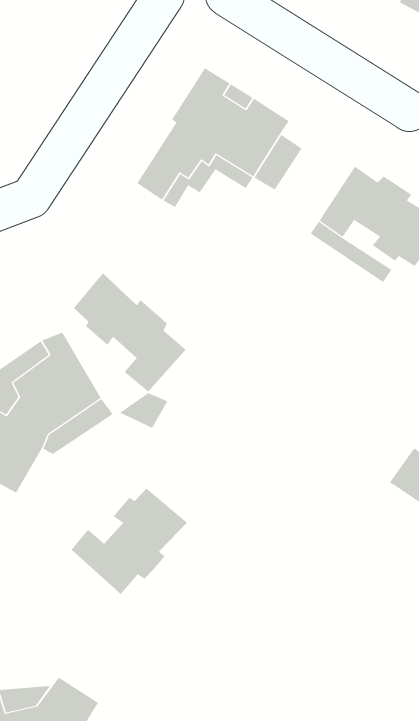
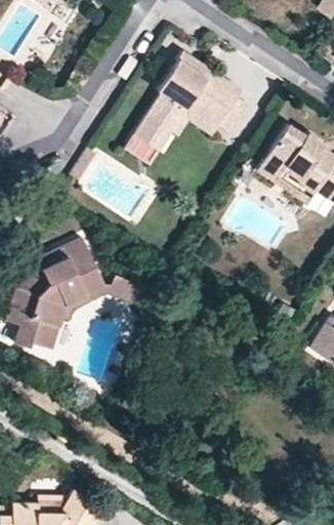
building: [73,273,187,392] -> none
building: [71,488,188,595] -> none

